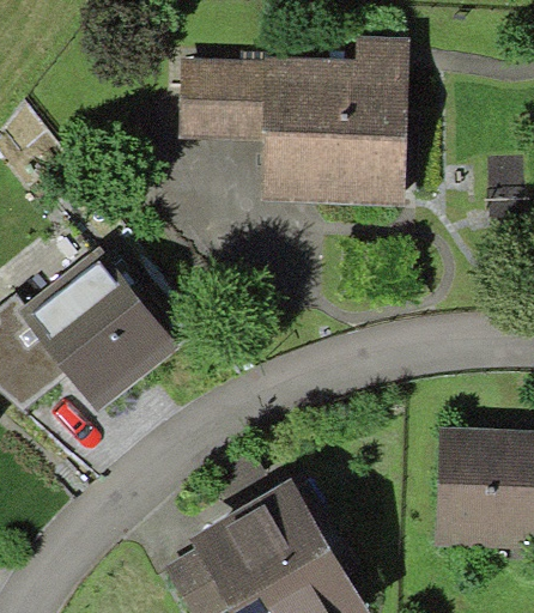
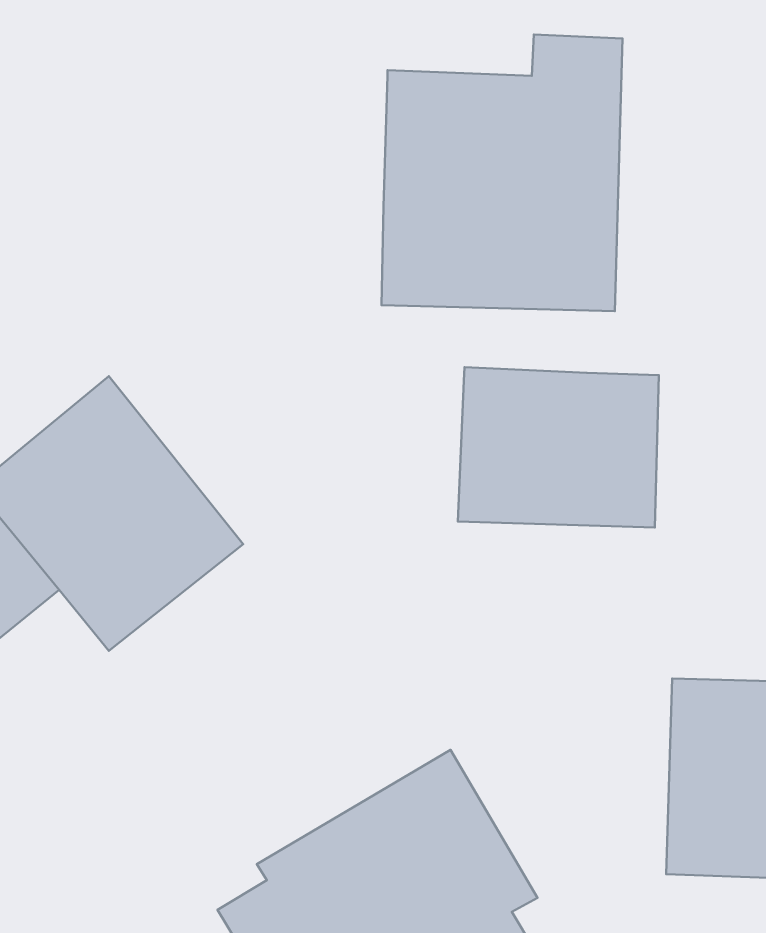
building: [176,60,266,141] -> none
building: none -> [458,367,659,527]

